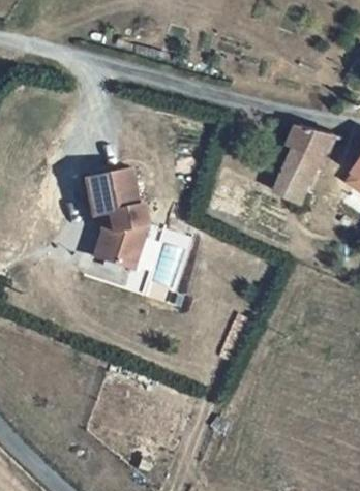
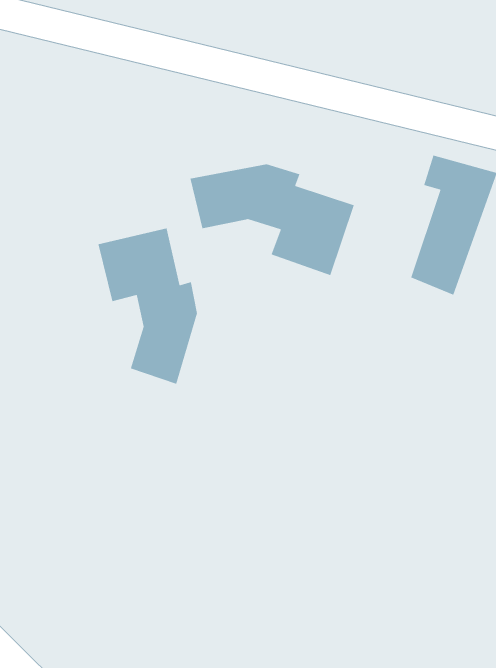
building: none -> [189,164,355,276]

